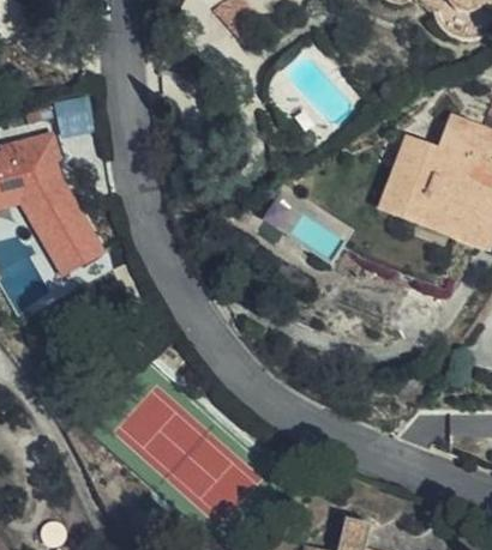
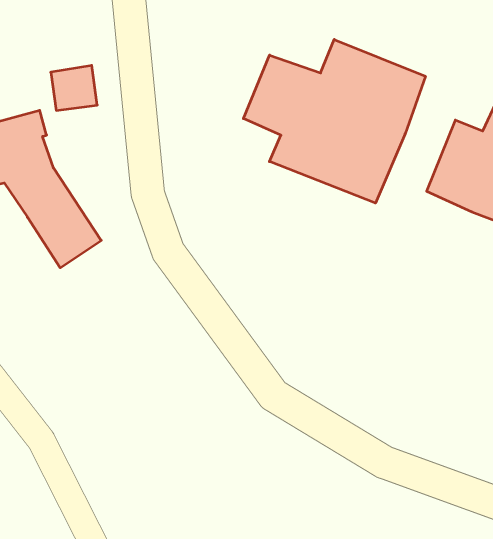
building: none -> [243,39,425,203]

